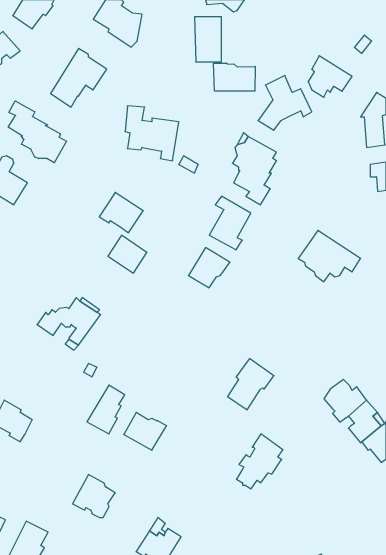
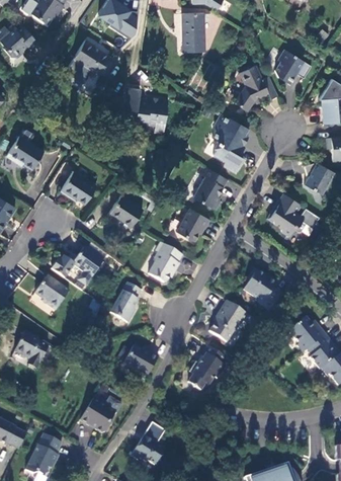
building: [214,63,255,91] -> none
building: [8,101,67,163] -> none
building: [99,192,143,233] -> [60,172,96,206]
building: none -> [304,161,334,193]
building: none -> [148,240,182,282]
building: none -> [243,267,280,309]
building: none -> [34,276,69,312]
building: [87,385,125,434] -> [109,280,141,321]
building: [236,434,283,489] -> [187,343,226,389]

